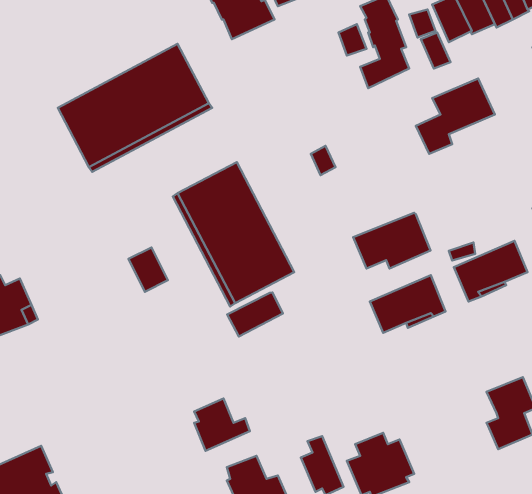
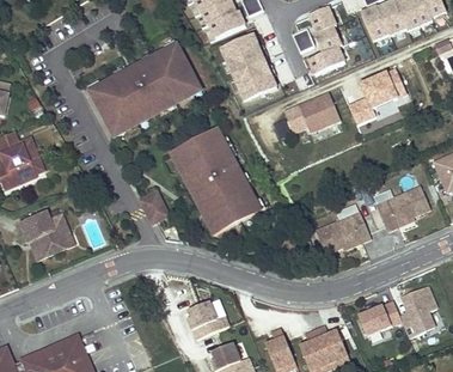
building: none -> [221,36,276,99]
building: [353,213,431,268] -> [283,92,339,133]
building: [227,293,283,337] -> none
building: none -> [359,301,402,336]

